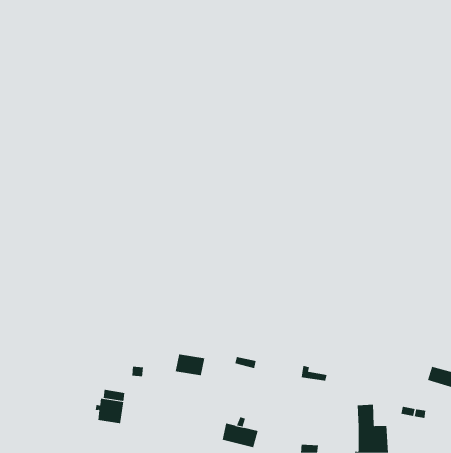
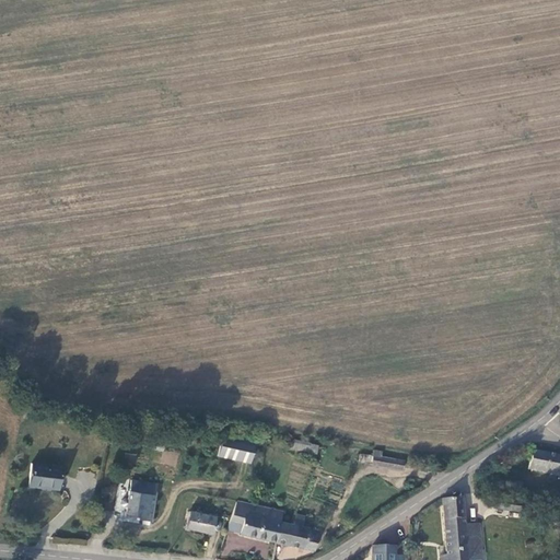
building: none -> [27,463,58,488]
building: none -> [226,500,283,542]
building: none -> [188,513,215,535]

